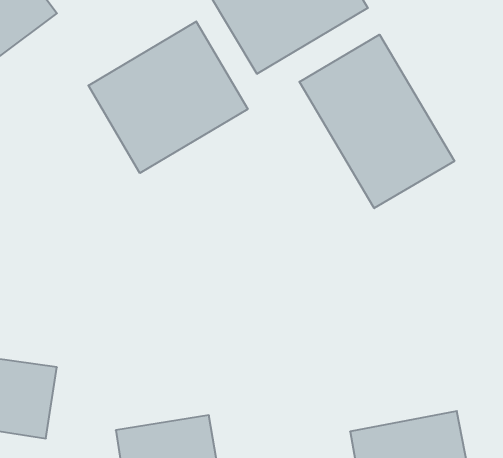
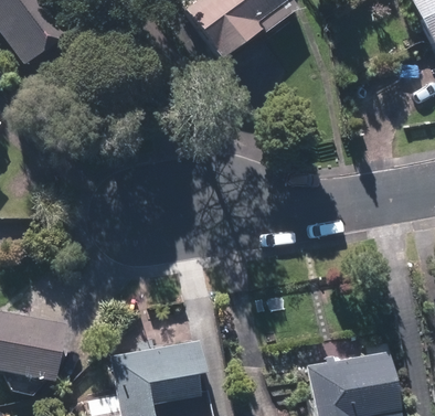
building: [88,21,248,173] -> none
building: [299,35,454,208] -> none

